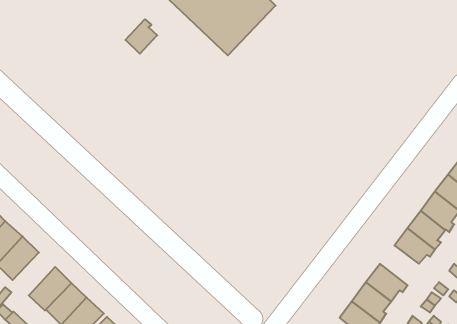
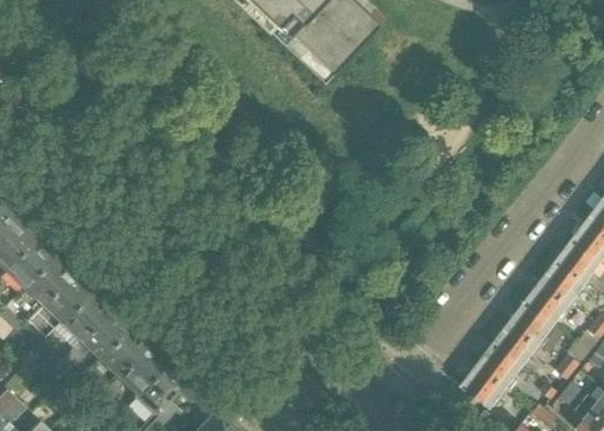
building: [125,19,157,54] -> none
building: none -> [507,300,552,347]
building: none -> [77,309,127,359]

